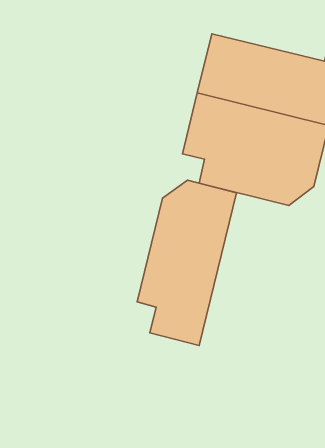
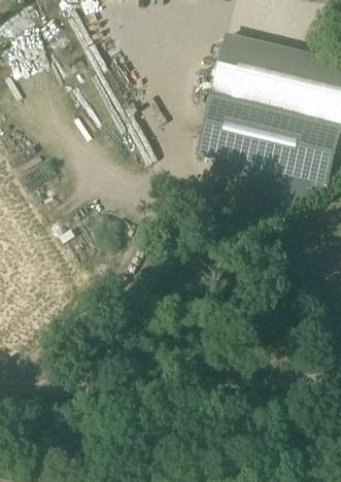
building: [137,180,237,345] -> none

